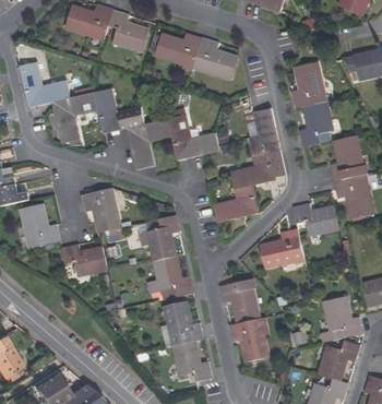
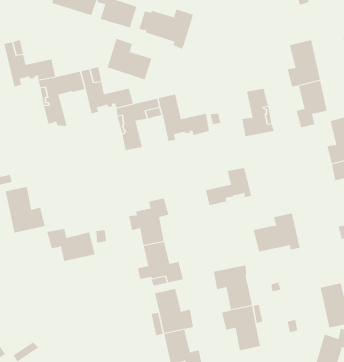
building: [194,37,238,78] -> [107,38,152,80]
building: [230,150,286,188] -> none
building: [82,188,120,231] -> none
building: [293,203,338,234] -> none

